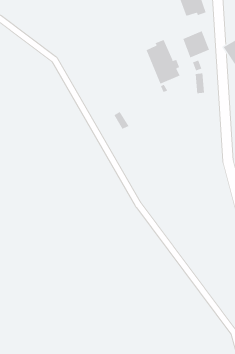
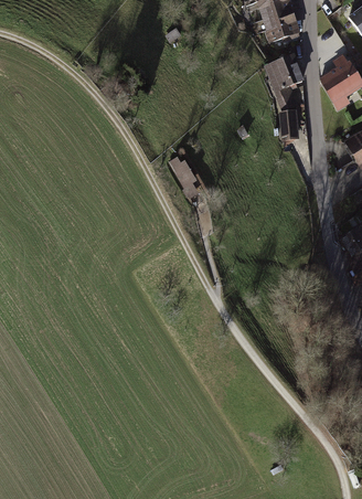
building: [146,39,180,84] -> none

